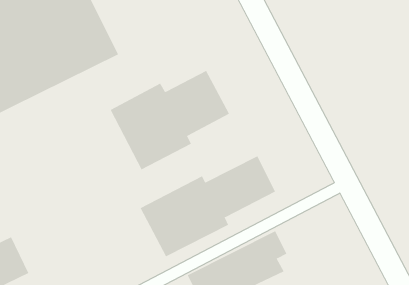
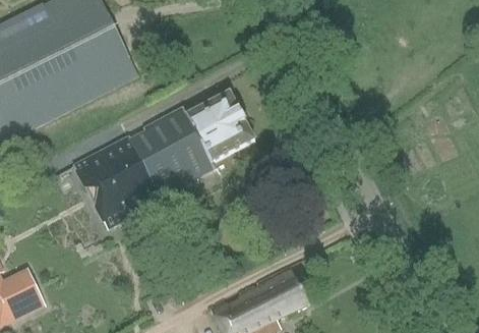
building: none -> [73,134,161,227]
building: [140,155,276,257] -> none

